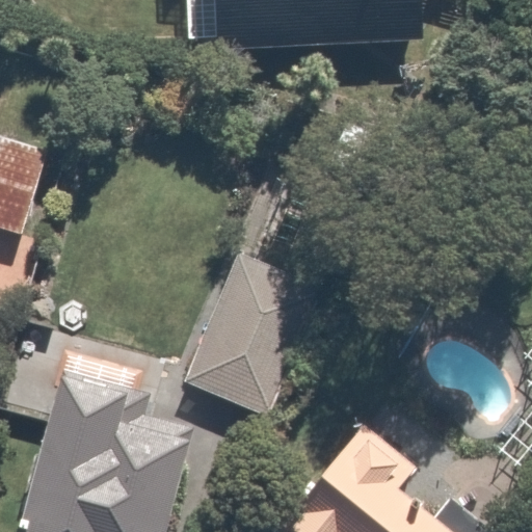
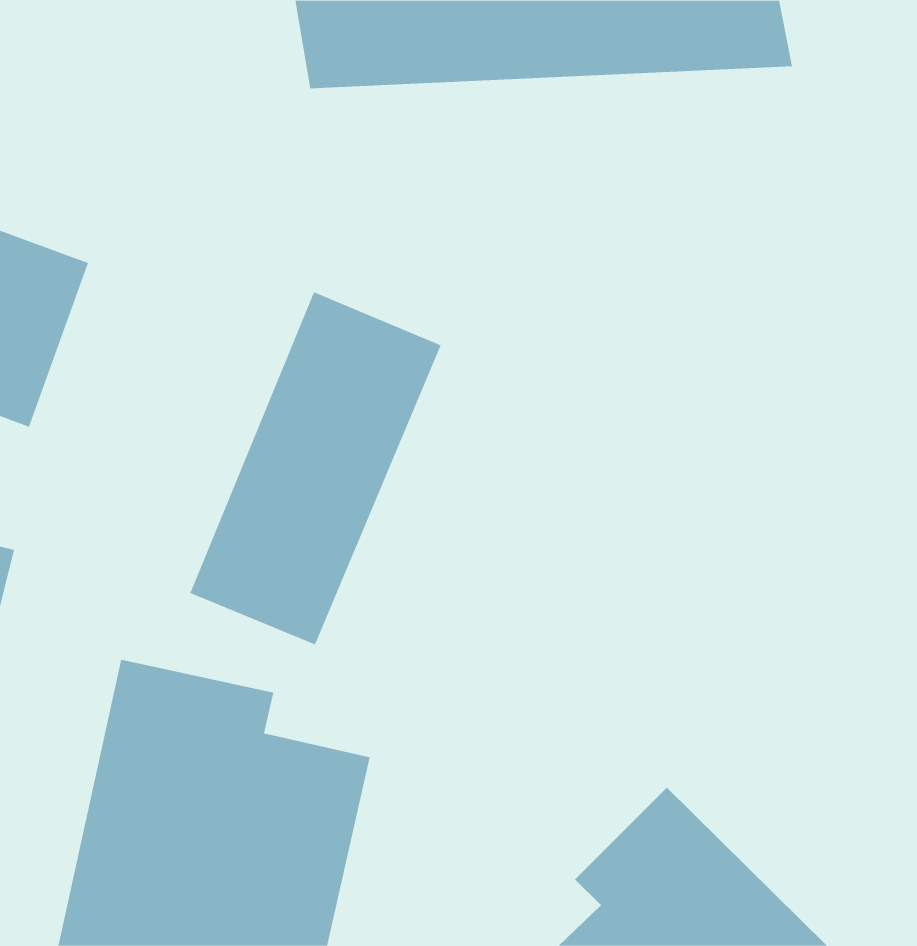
building: [182,213,323,411] -> [189,291,441,645]

